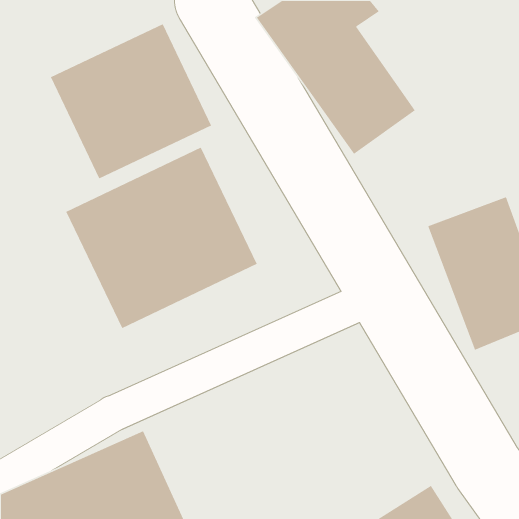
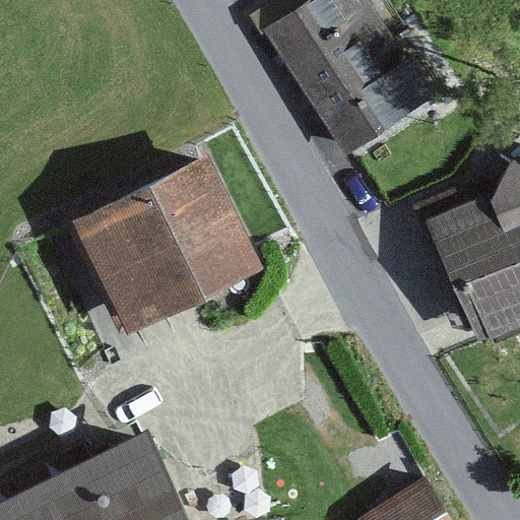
building: [50,23,212,180] -> none

